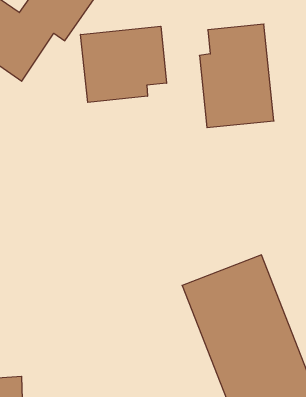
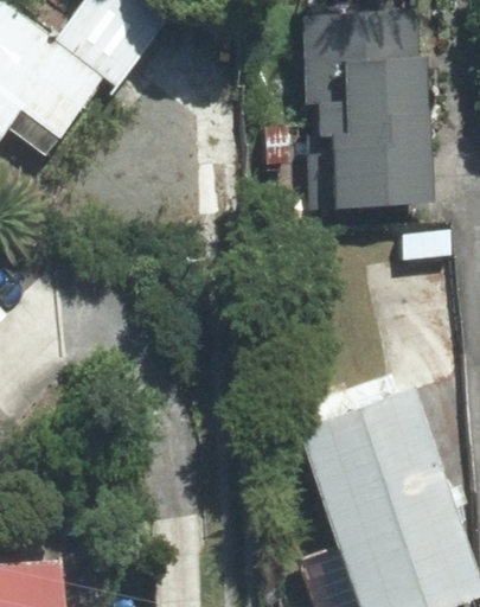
building: [81,26,167,102] -> none

